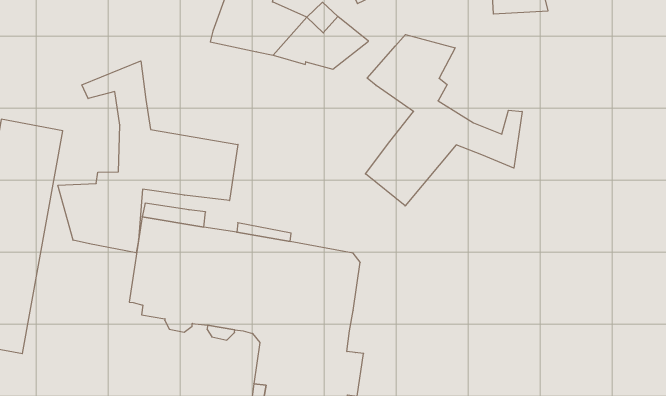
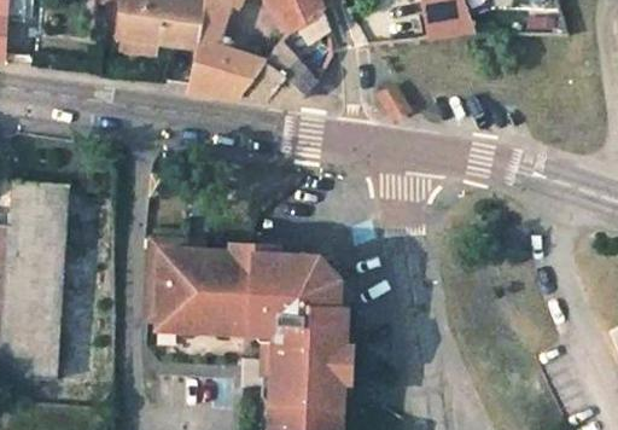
building: [365,35,522,206] -> none
building: [58,61,238,253] -> none

